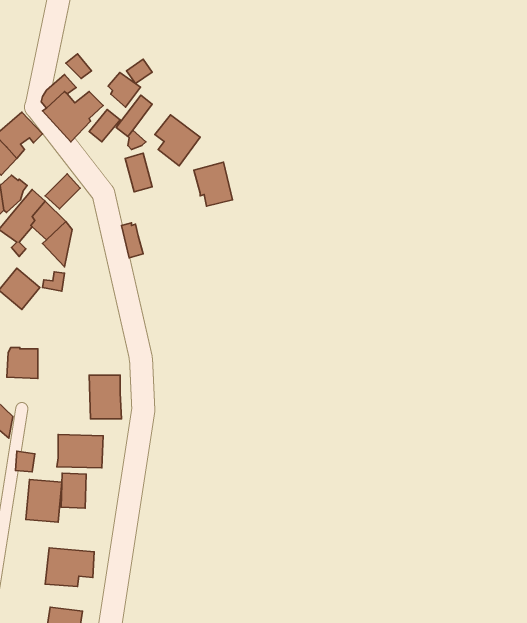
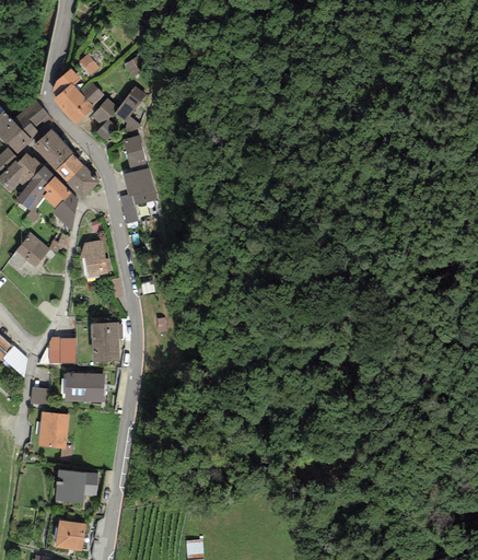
building: [108,72,141,107] -> none
building: [155,115,200,166] -> none
building: none -> [32,128,73,171]
building: [194,162,232,206] -> [123,167,155,205]
building: none -> [67,164,98,199]
building: none -> [79,240,108,276]
building: [7,347,38,378] -> [48,337,74,363]
building: [61,473,86,508] -> none

